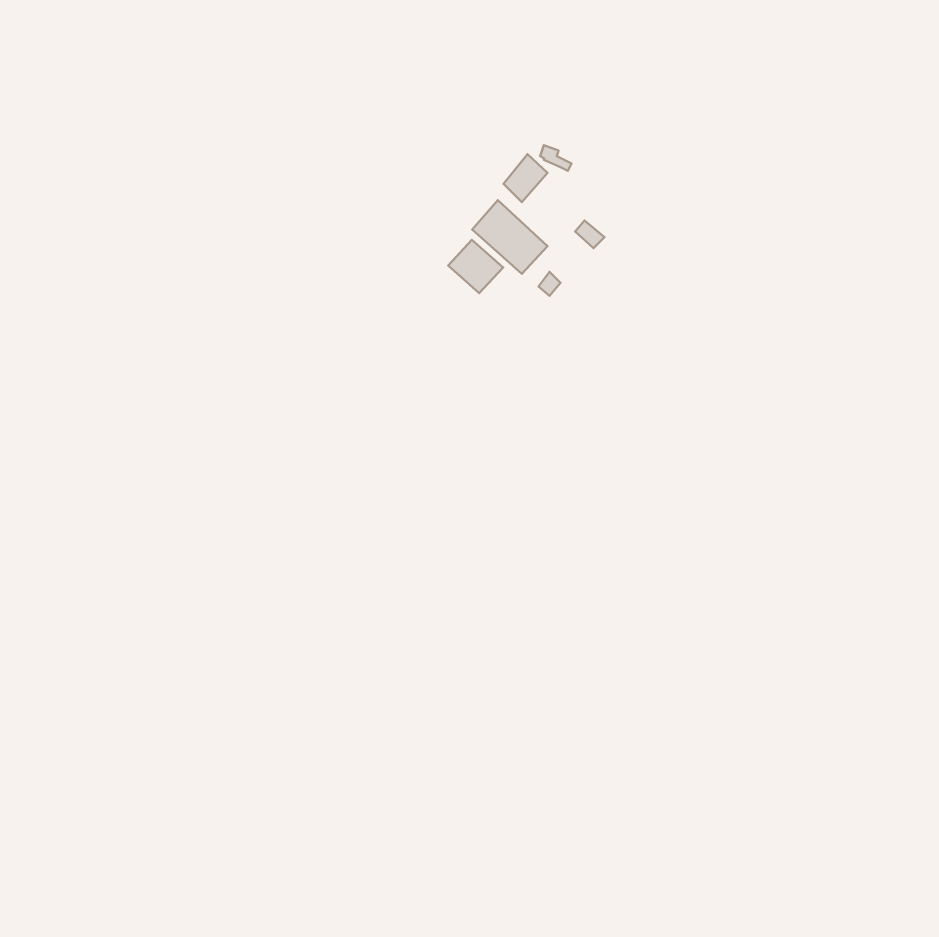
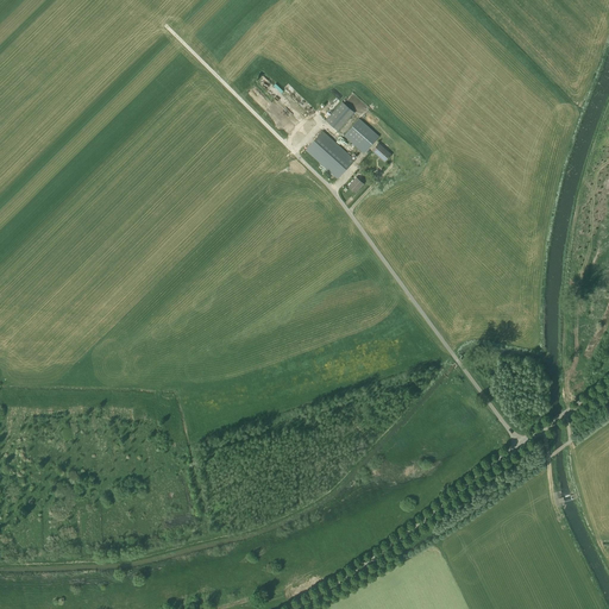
building: [448,240,503,293] -> [344,118,379,152]

